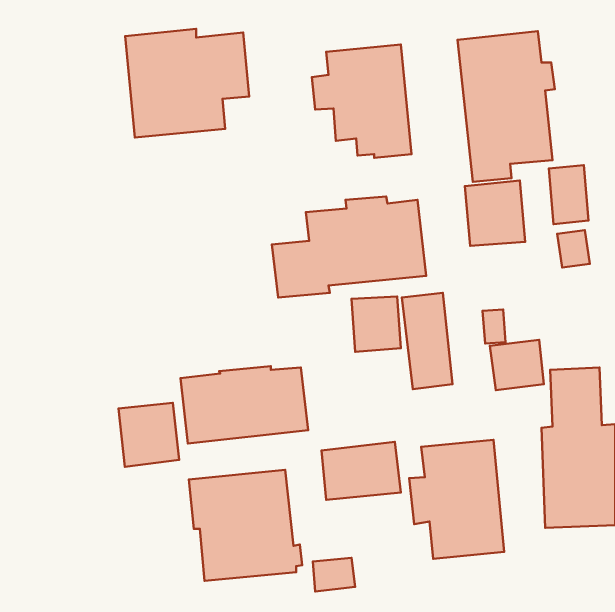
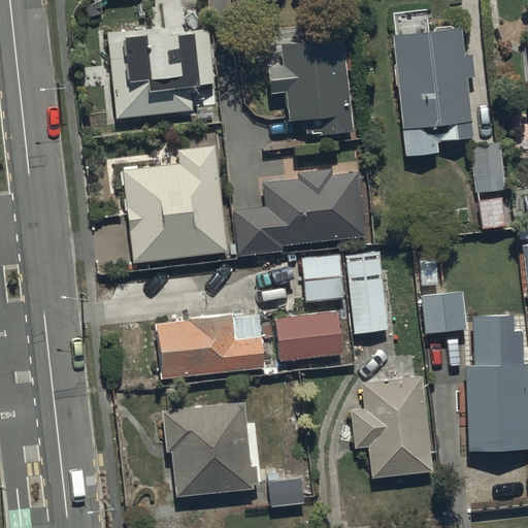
building: none -> [123,144,227,262]
building: [465,181,525,246] -> none
building: [119,403,179,467] -> none
building: [321,442,401,500] -> [274,311,342,361]

